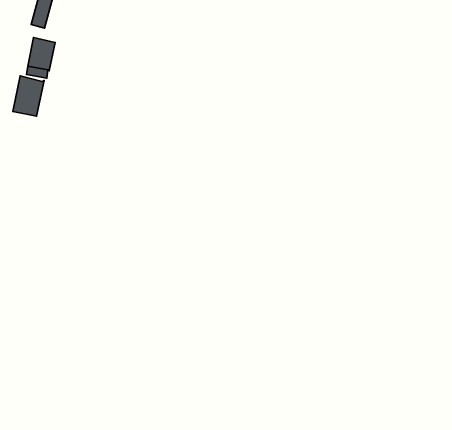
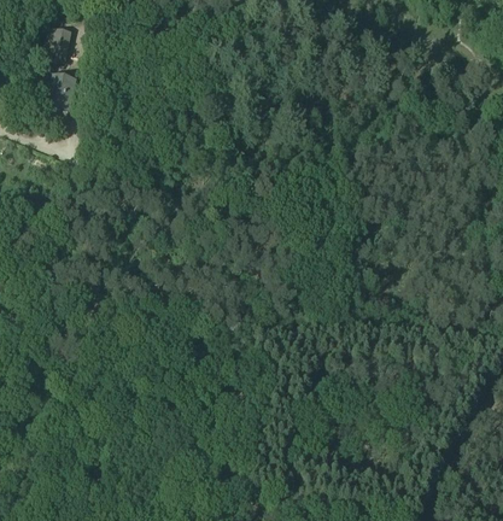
building: [13,76,44,116] -> none

